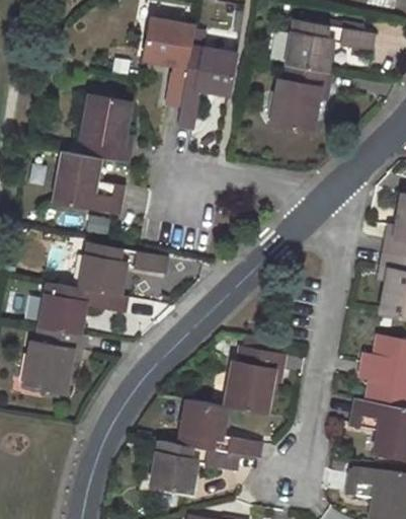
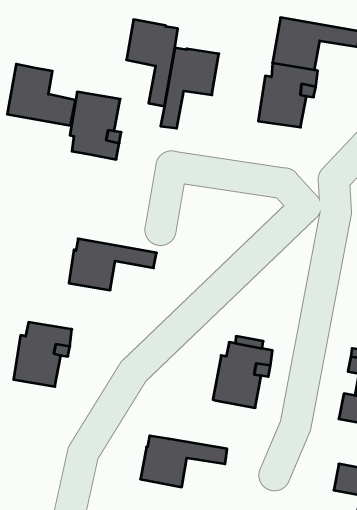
building: [55,150,124,212] -> [7,64,76,125]
building: [39,281,128,333] -> none
building: [180,398,262,458] -> none

